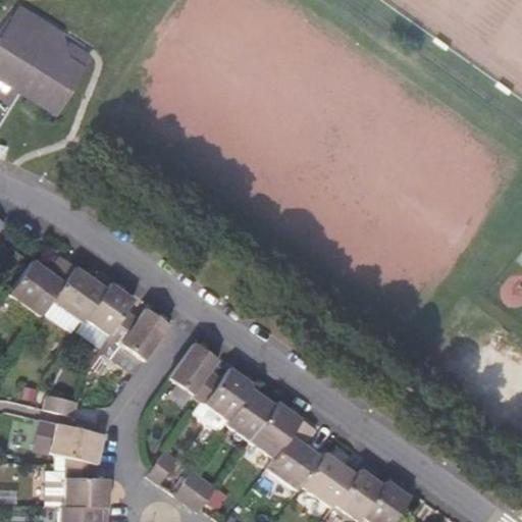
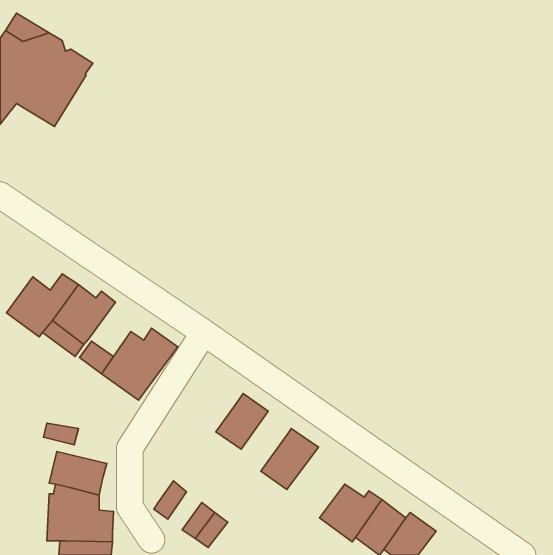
building: [87,282,135,333] -> none
building: [170,343,224,404] -> none
building: [225,388,274,440] -> none
building: [266,418,323,491] -> none

